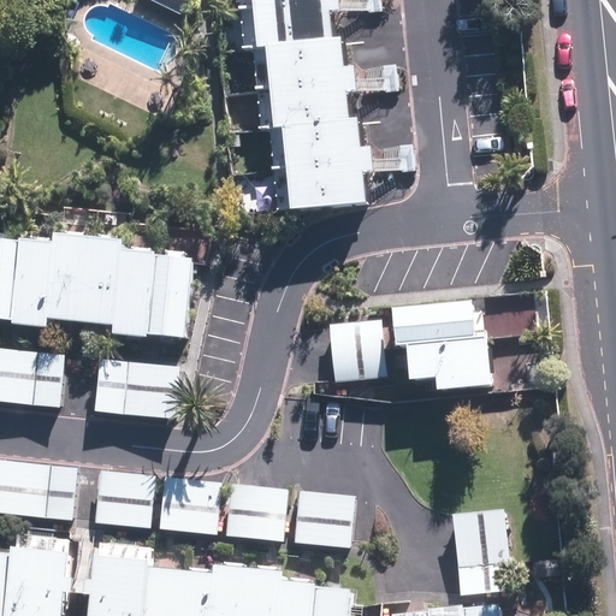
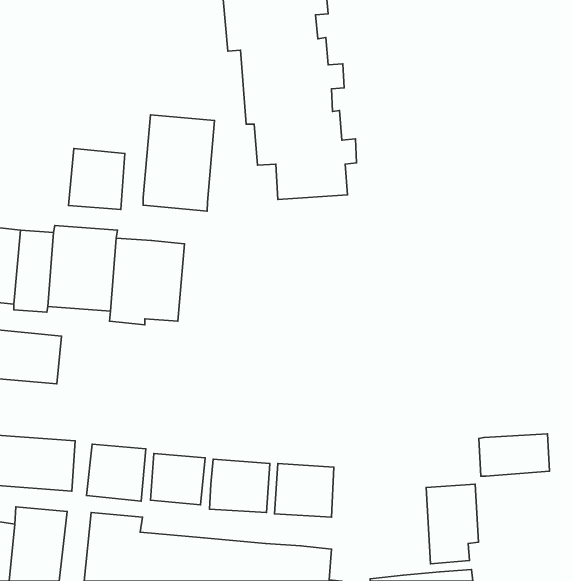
building: none -> [143,115,215,211]
building: none -> [69,149,125,209]
building: [326,301,525,393] -> none
building: [94,359,177,420] -> none
building: none -> [479,434,550,476]

